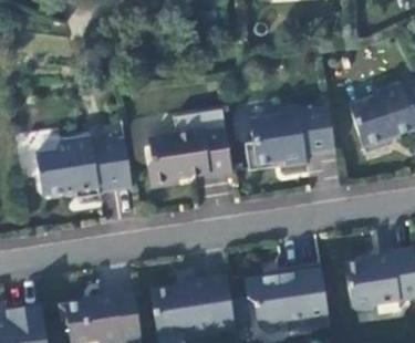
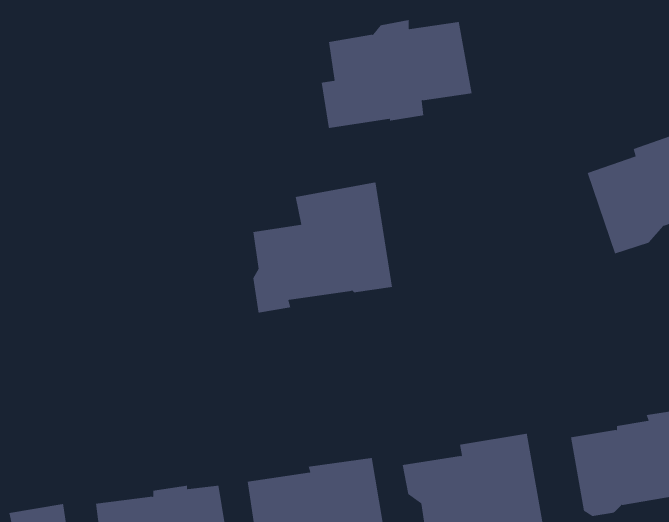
building: [247,106,338,172] -> [321,19,472,129]
building: [40,135,134,197] -> none

